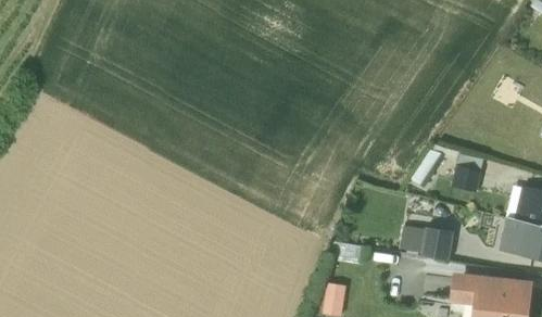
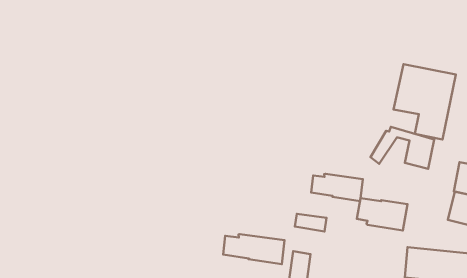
building: none -> [393,64,456,139]
building: none -> [311,174,363,201]
building: none -> [223,234,285,264]

